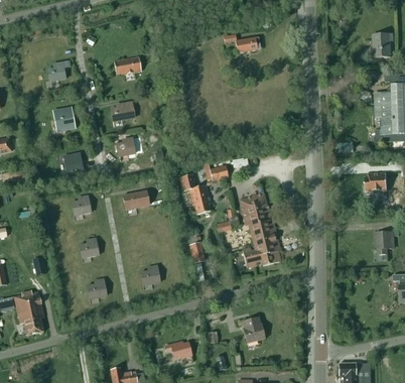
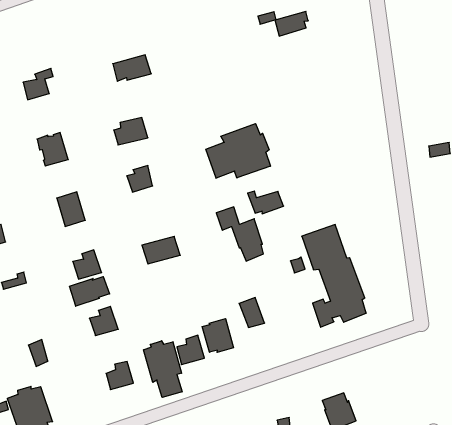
building: none -> [206,124,270,178]
building: none -> [69,277,110,306]
building: none -> [202,319,233,352]
building: none -> [144,341,182,397]

